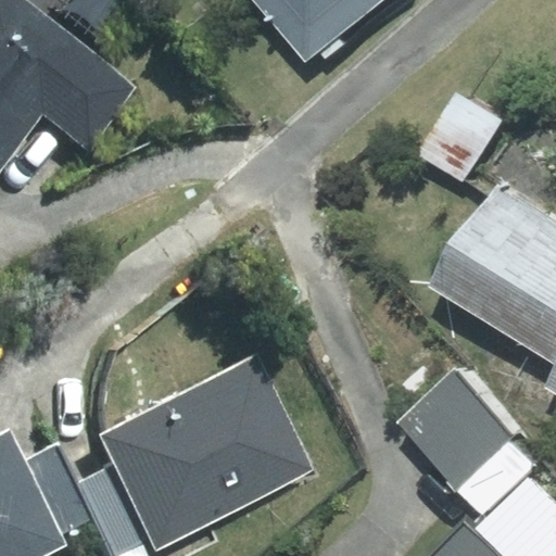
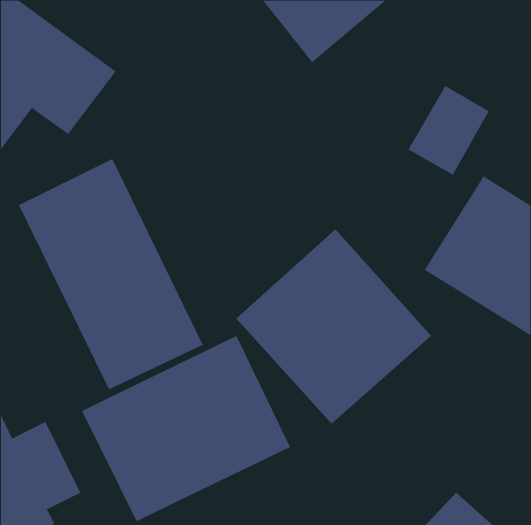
building: none -> [18,158,204,390]
building: none -> [236,228,432,425]
building: [405,369,532,497] -> none

